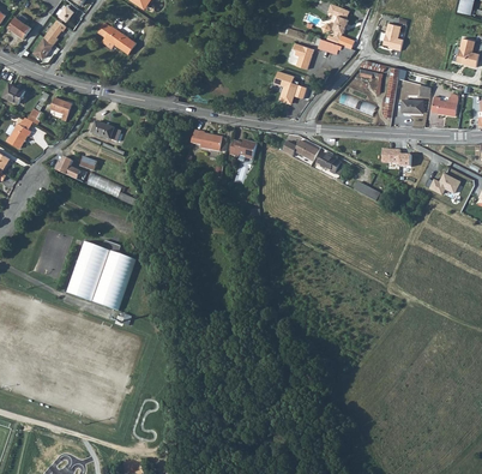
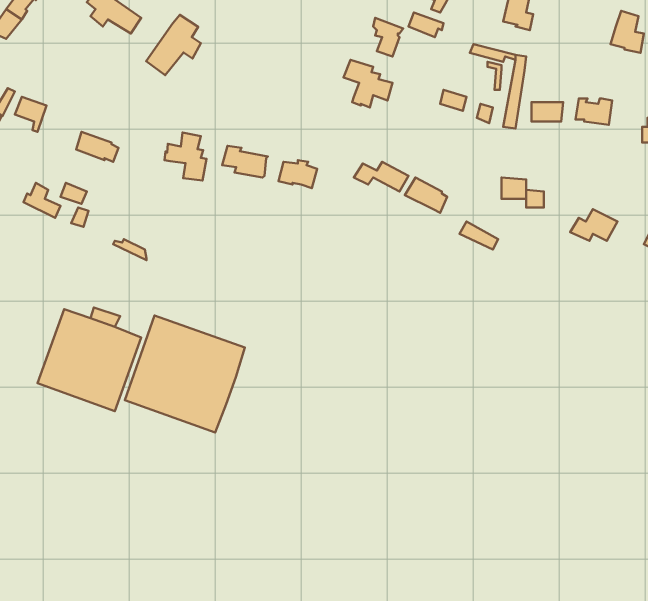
building: none -> [146,15,201,75]
building: none -> [165,133,206,180]
building: none -> [125,315,245,433]

